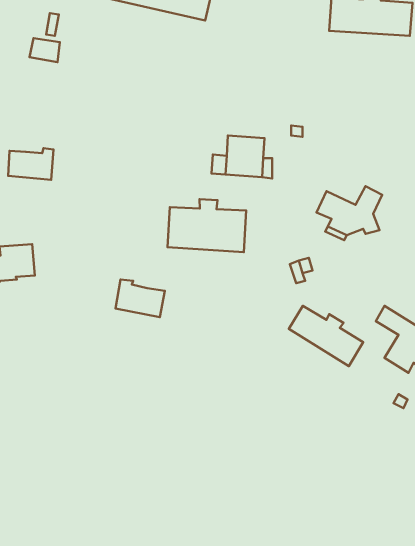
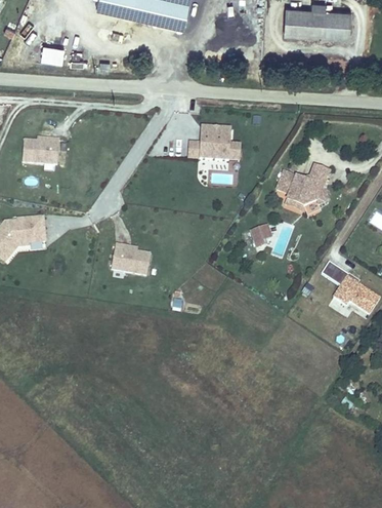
building: [168,199,246,252] -> none
building: [289,306,363,366] -> none

